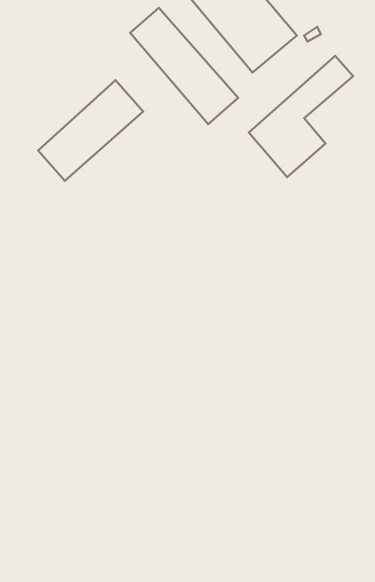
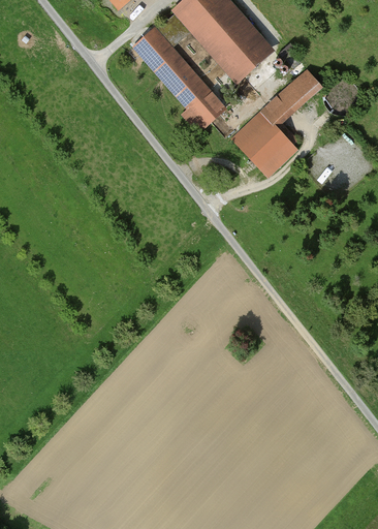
building: [38,80,143,181] -> none

